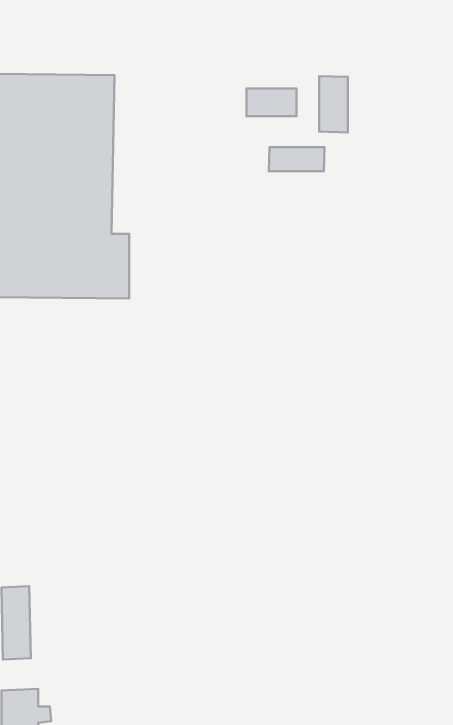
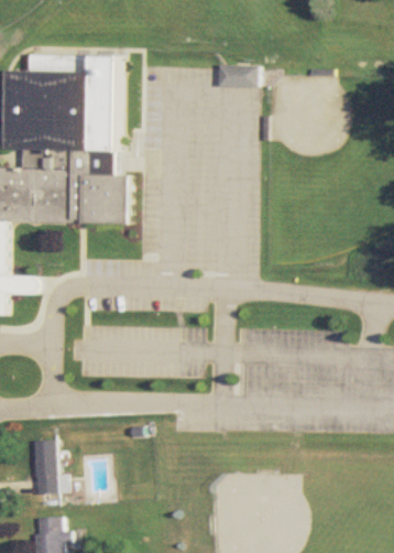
building: [319,76,348,132] -> none
building: [269,147,325,171] -> none

